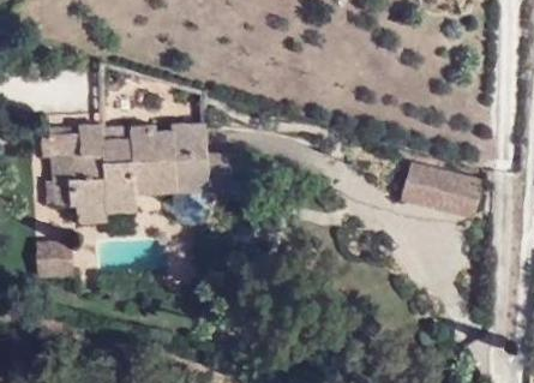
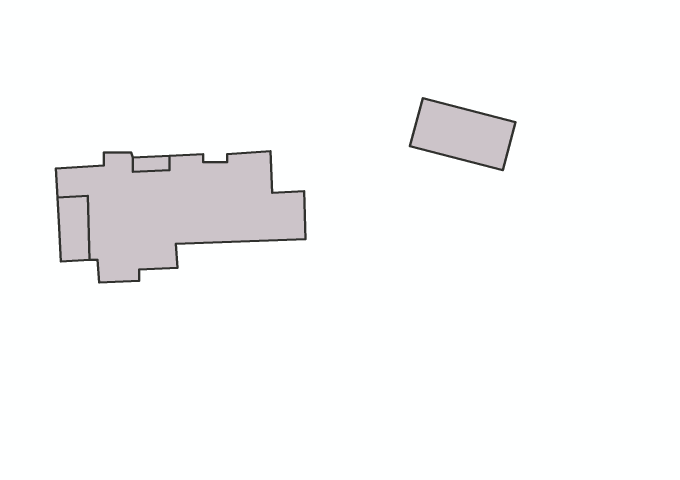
building: [402,163,481,217] -> [410,98,516,170]
building: [35,243,71,279] -> none

